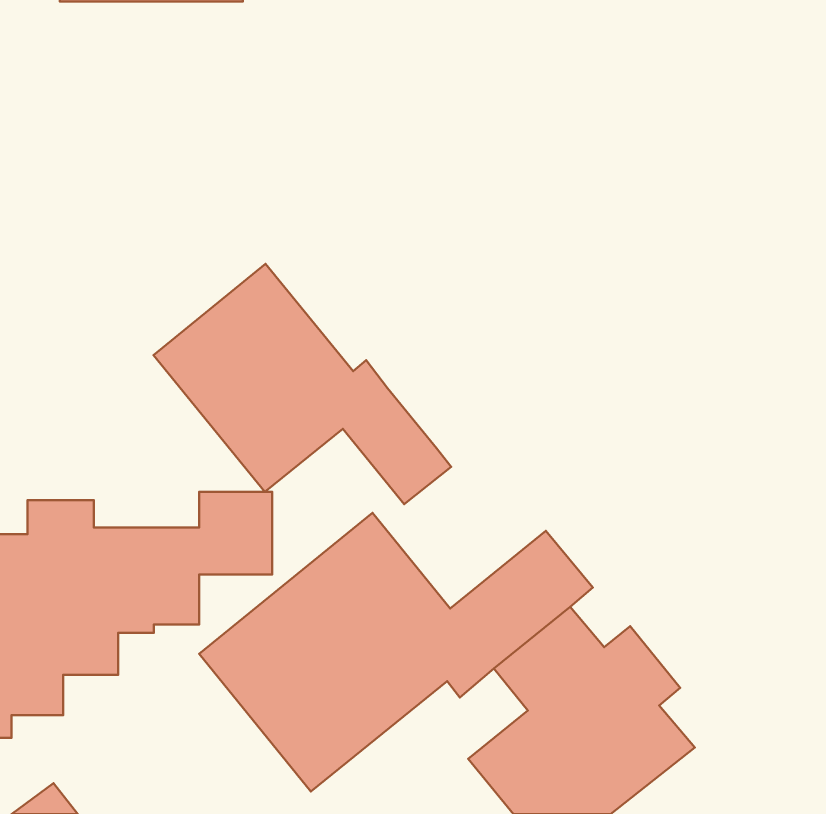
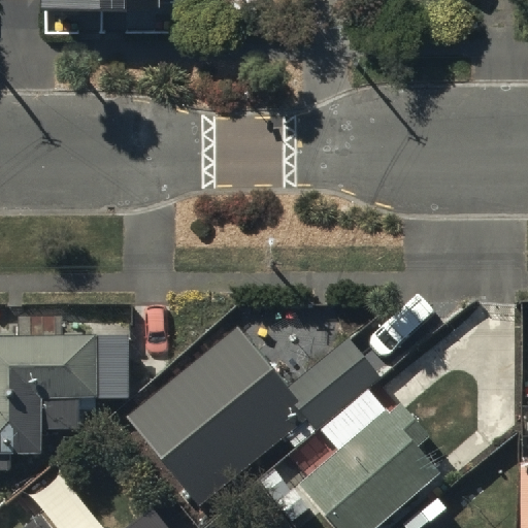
building: [153,264,451,504] -> none

